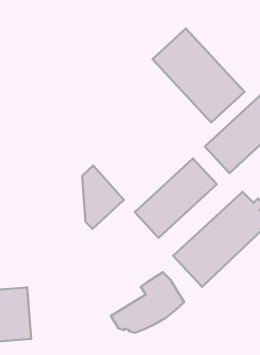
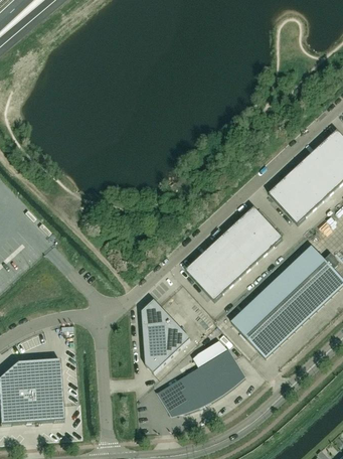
building: [152,29,244,123] -> none
building: [82,166,124,229] -> [142,298,191,372]

